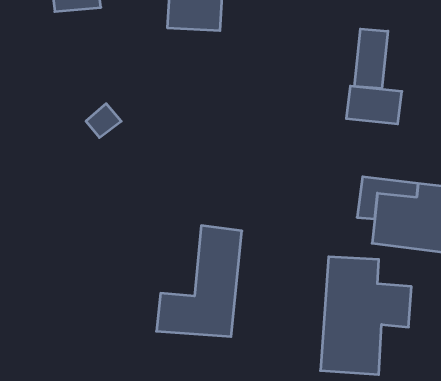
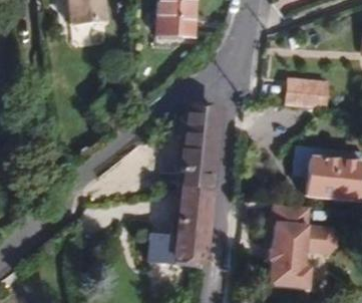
building: [354,29,388,89] -> none
building: none -> [178,103,219,186]

